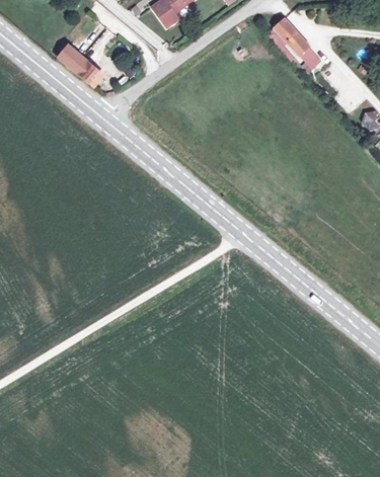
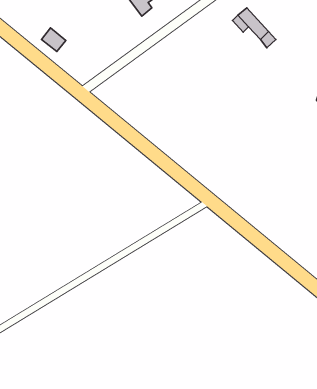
building: [72,56,104,87] -> none

